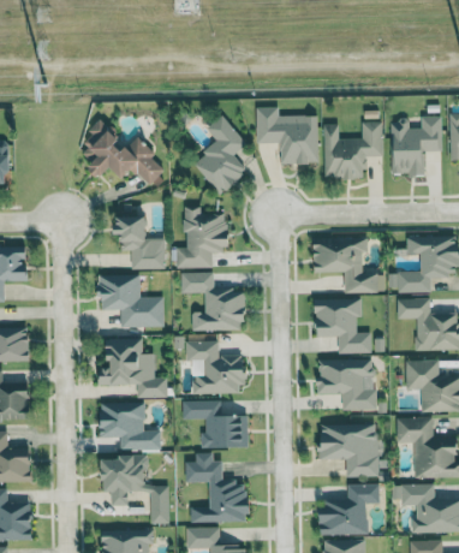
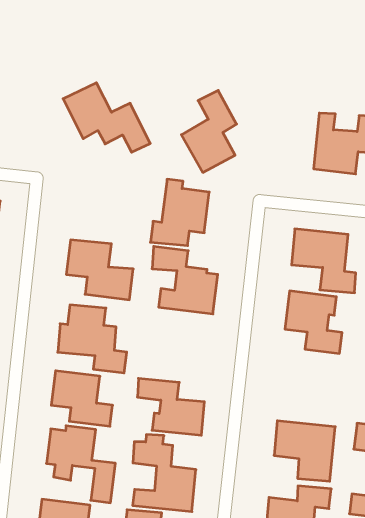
building: [256,107,318,165] -> none
building: [115,218,166,270] -> none
building: [186,341,246,394] -> none
building: [317,359,375,410] -> none

